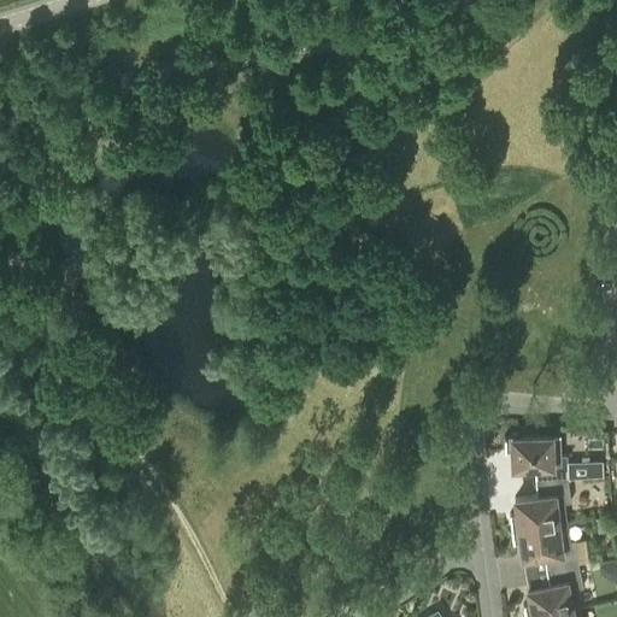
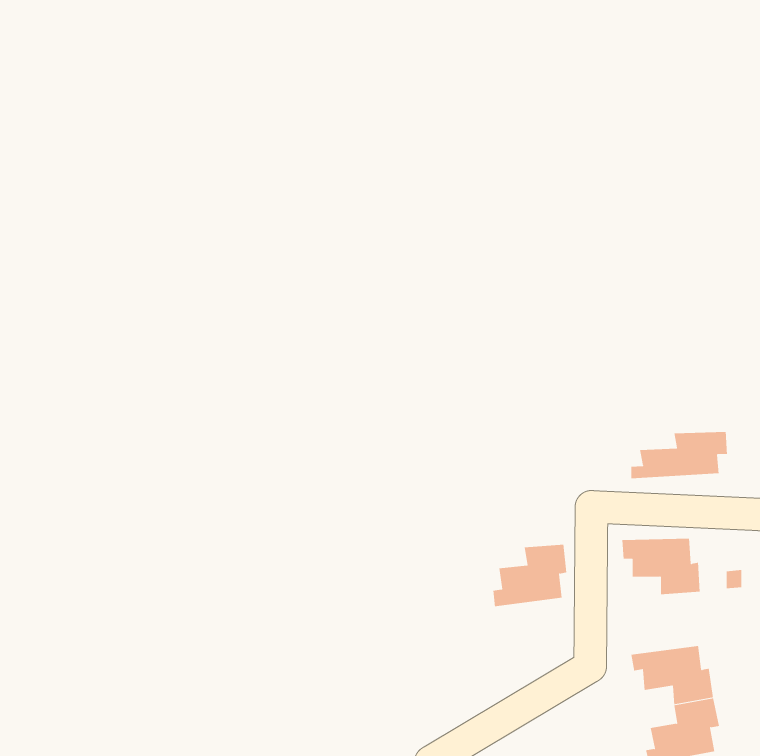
building: none -> [631,431,727,479]
building: [509,483,569,534] -> [493,544,567,607]

